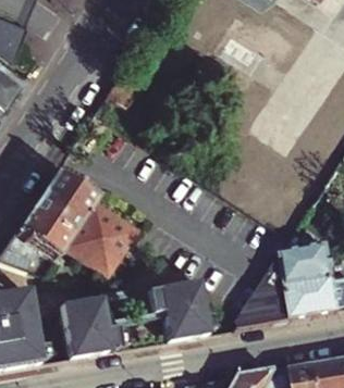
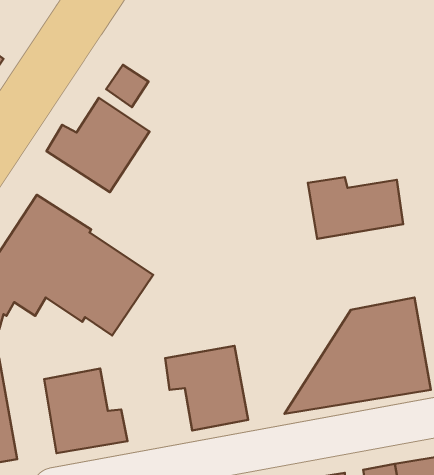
building: none -> [46,98,150,192]
building: none -> [308,177,403,239]

